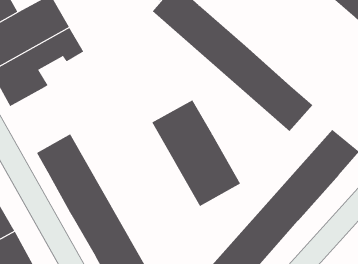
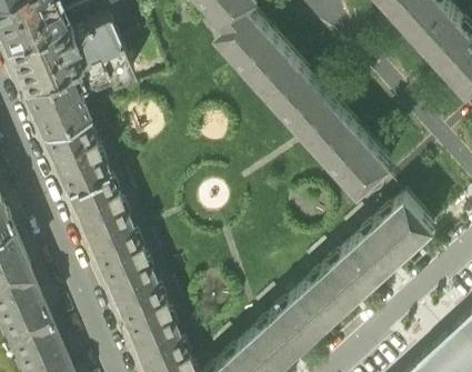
building: none -> [40,113,107,188]
building: [152,99,241,207] -> none

